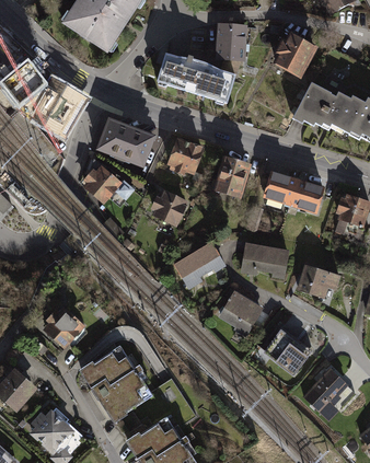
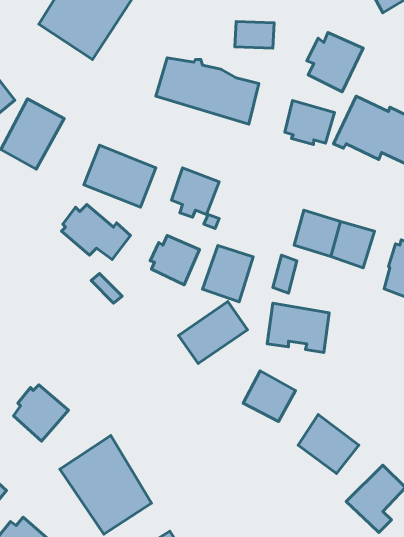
building: [215,42,245,60] -> none
building: none -> [285,101,335,144]
building: [211,153,251,197] -> [202,245,253,302]
building: [296,264,342,299] -> none

